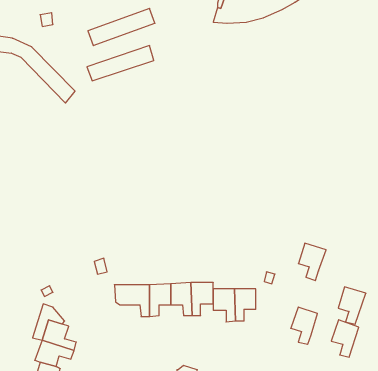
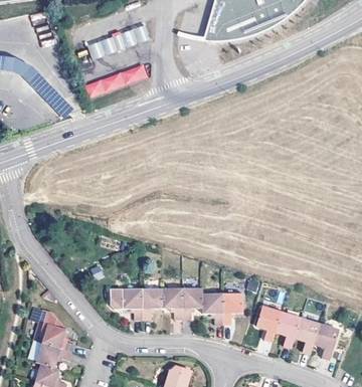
building: [298,243,326,281] -> [257,304,284,339]
building: [338,287,366,324] -> [296,316,322,351]

